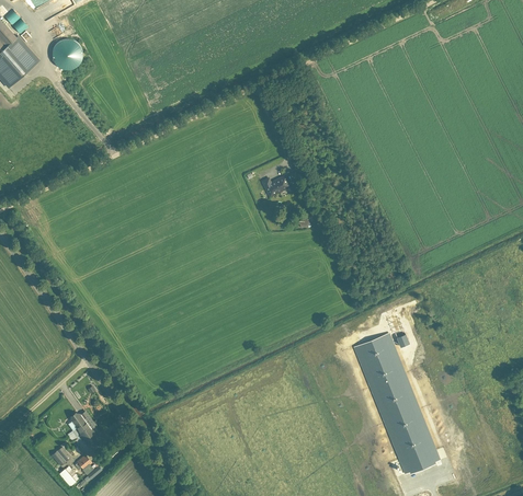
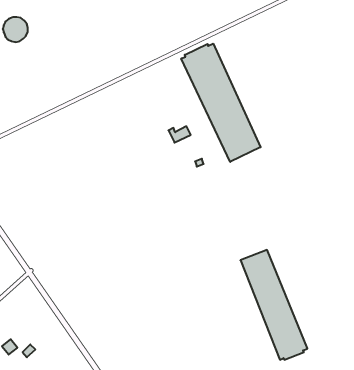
building: none -> [181,44,261,162]
building: [68,407,95,443] -> none

